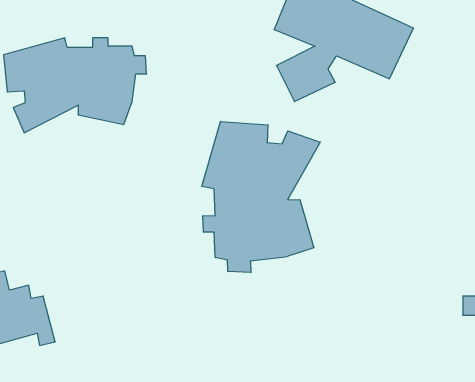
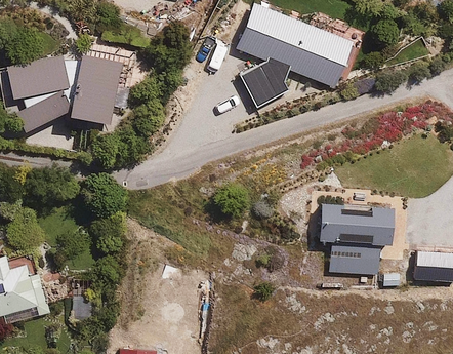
building: [202,121,320,273] -> none
building: none -> [321,200,393,279]

